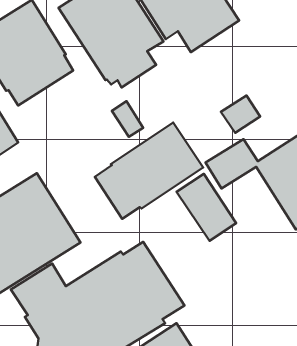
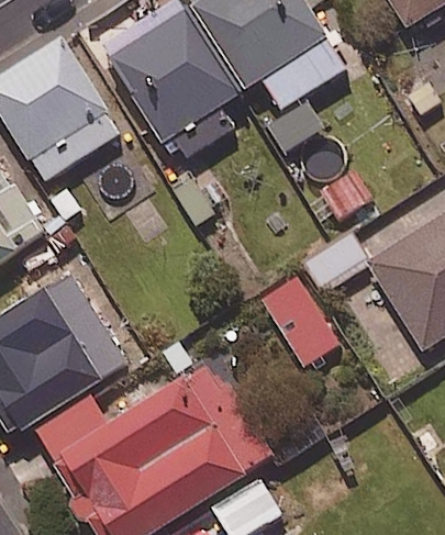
building: [95,122,203,219] -> none

